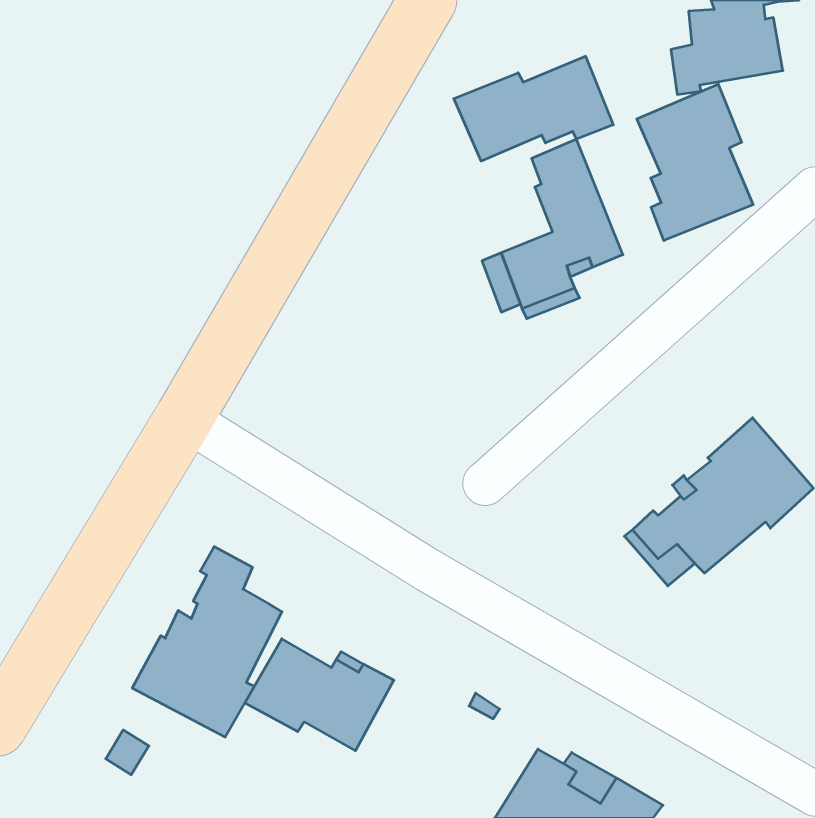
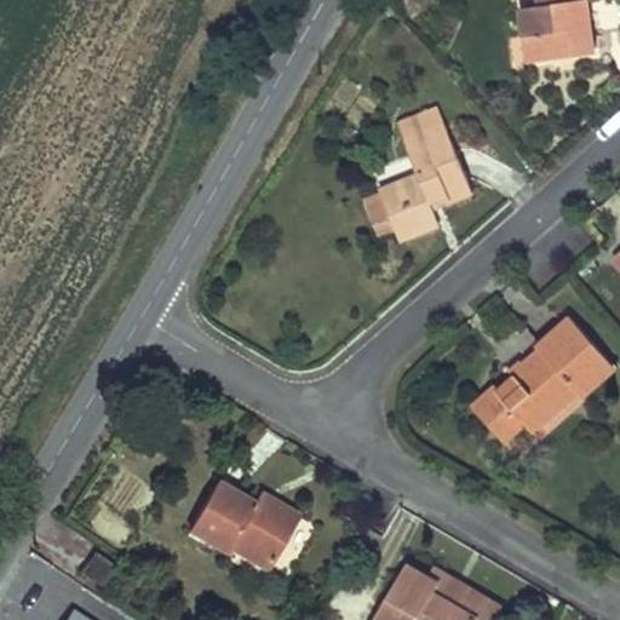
building: [454,56,613,161] -> none
building: [637,84,753,241] -> none
building: [132,547,282,737] -> none

